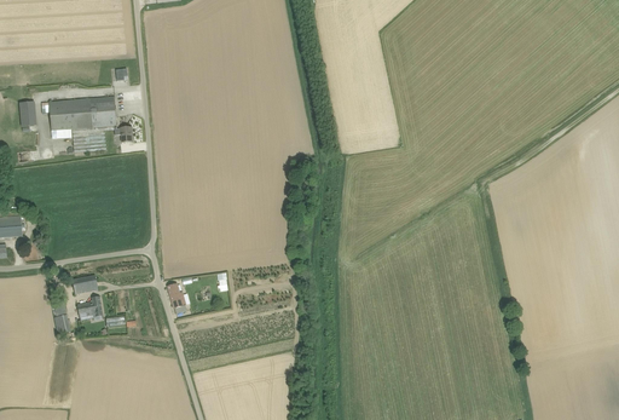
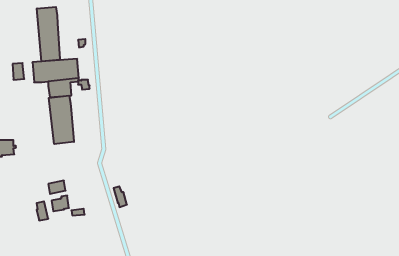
building: none -> [37,7,60,61]
building: none -> [49,96,74,144]

